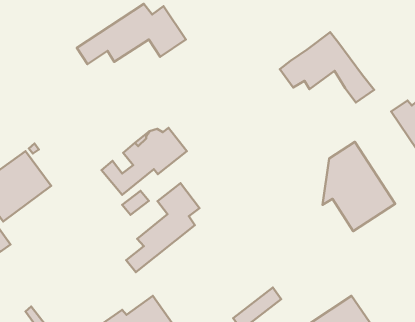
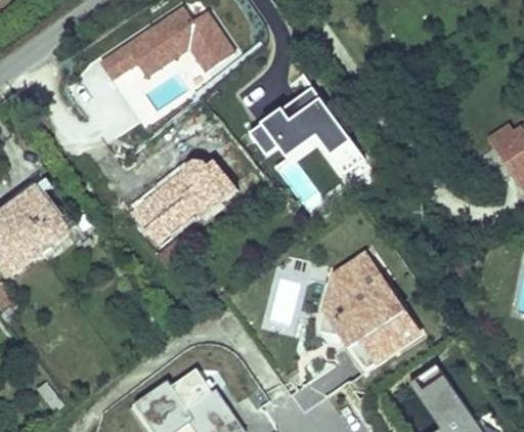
building: [280,32,374,102] -> [252,87,368,174]
building: [322,142,395,231] -> [315,254,405,364]
building: [126,183,200,272] -> none

